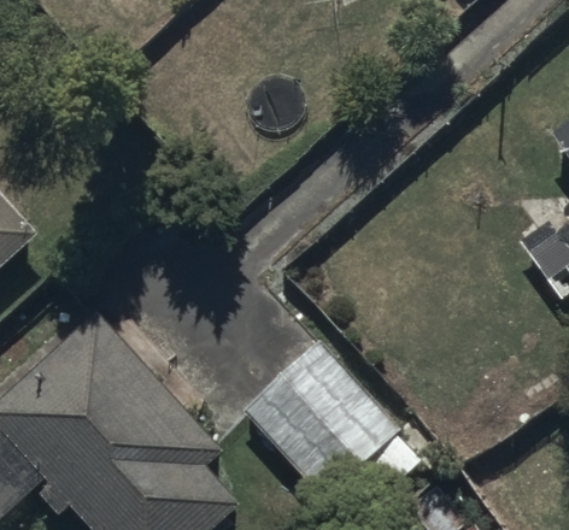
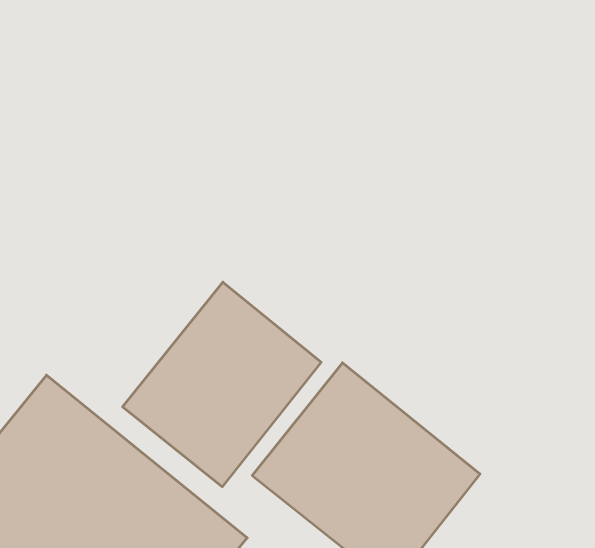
building: none -> [123,282,321,487]

